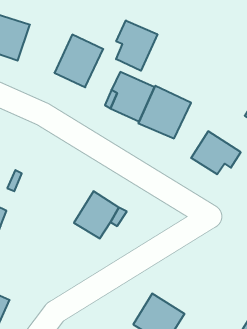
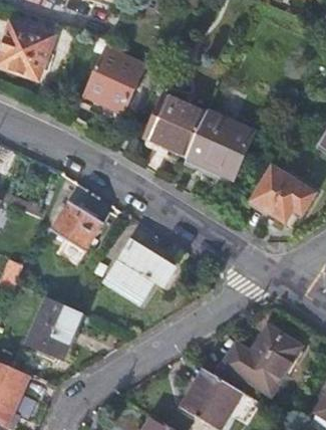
building: [116,20,157,71] -> none
building: none -> [52,204,102,264]
building: none -> [28,297,83,359]
building: none -> [221,326,299,395]

